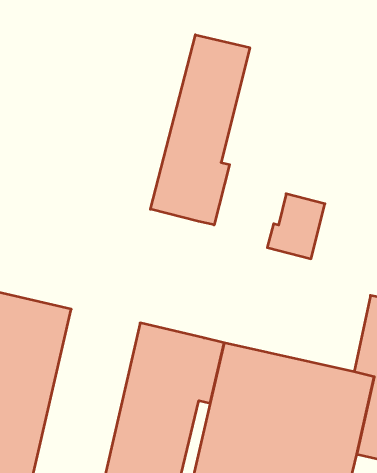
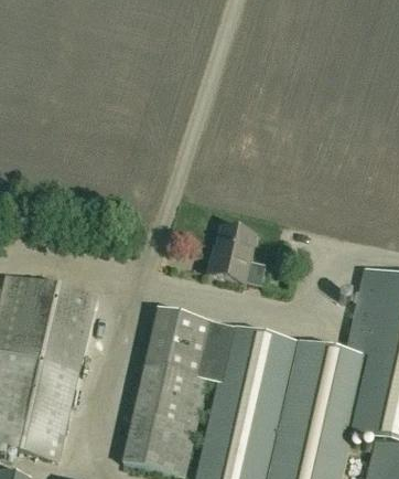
building: [150,35,250,225] -> none
building: [267,194,325,259] -> [206,226,257,284]

